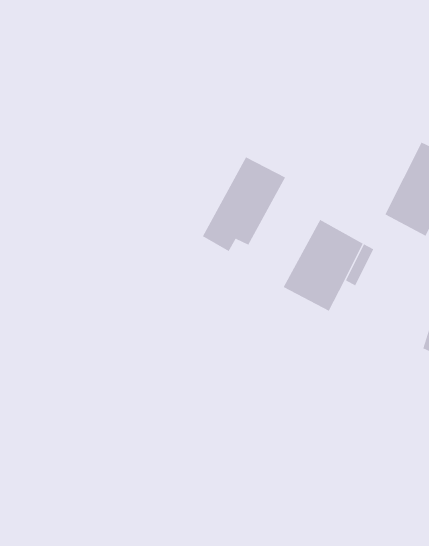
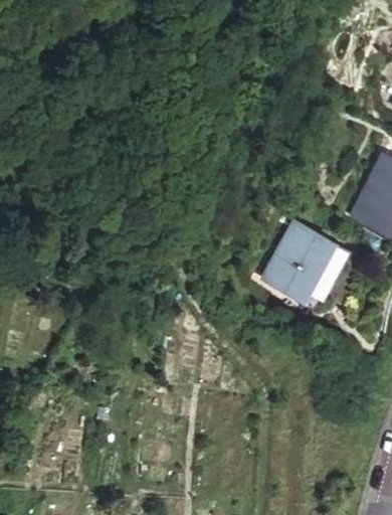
building: [202,156,286,252] -> none

